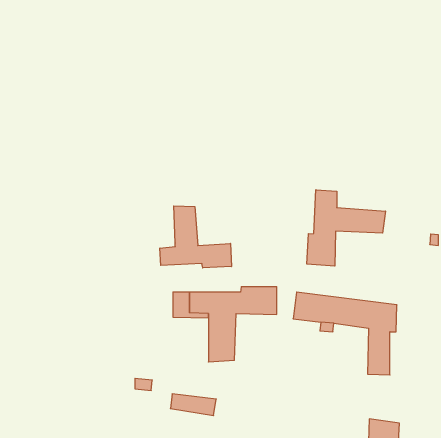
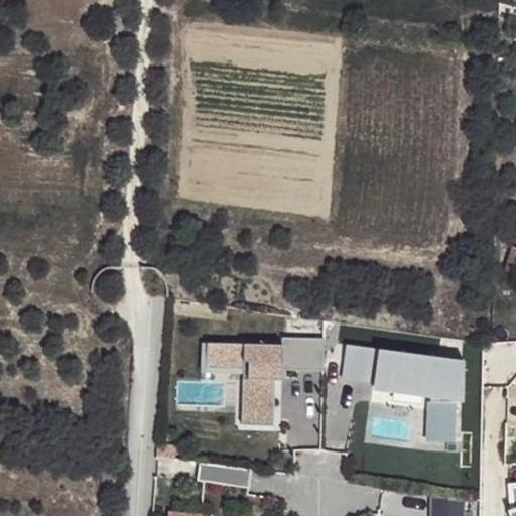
building: [307,190,385,266] -> none
building: [160,206,231,268] -> none

